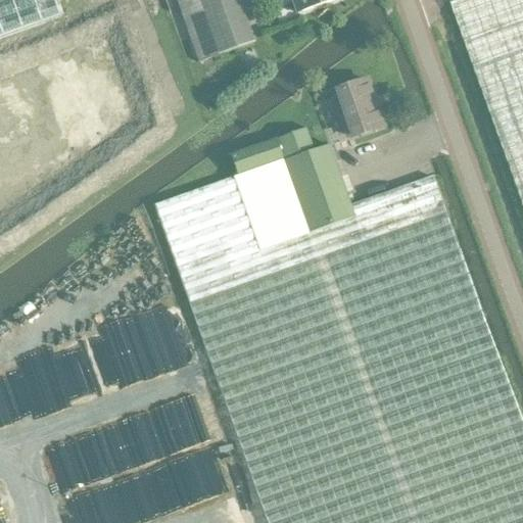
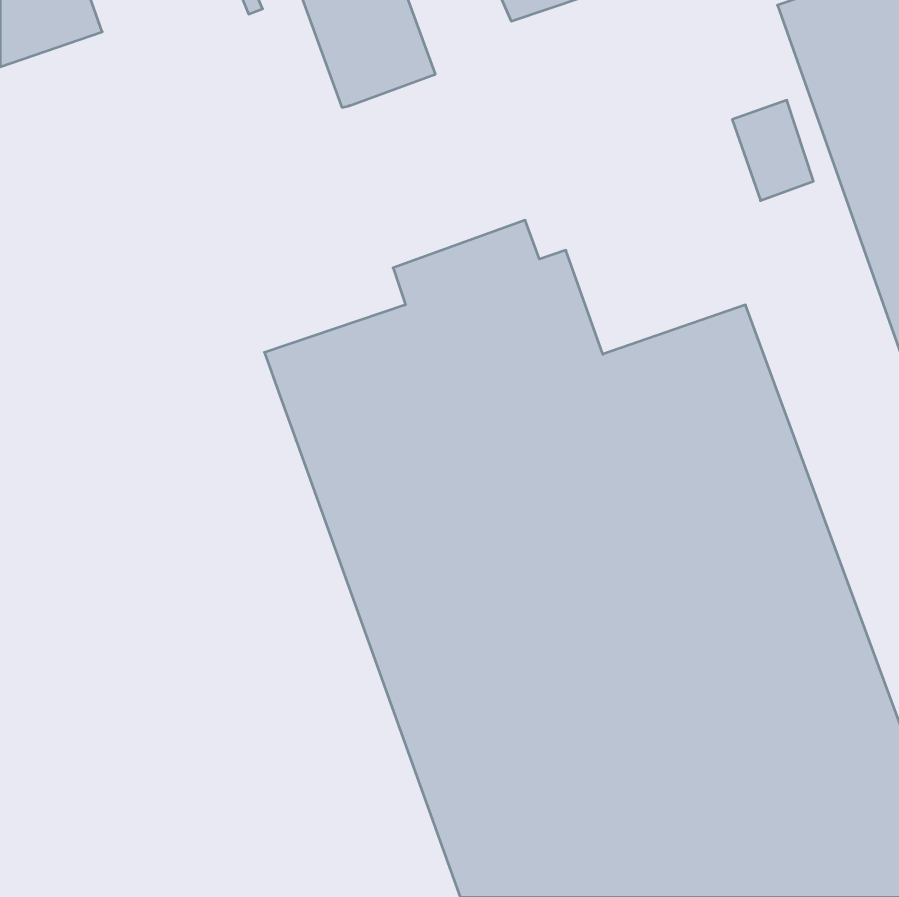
building: [336,80,383,138] -> [732,100,813,201]

